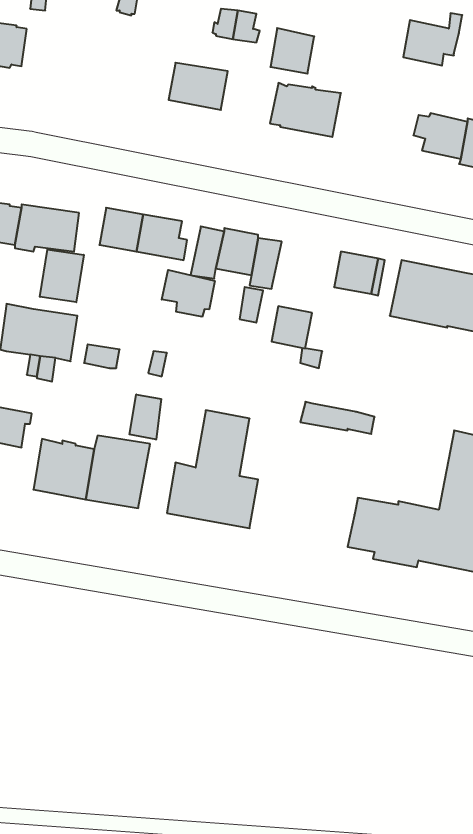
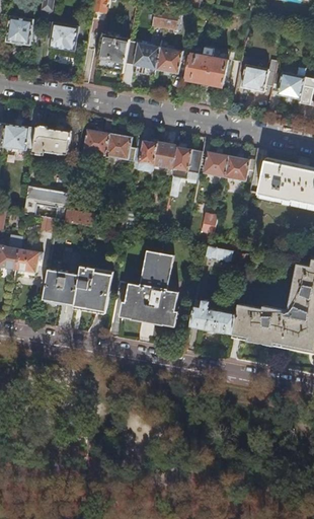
building: [403,13,462,66] -> [241,61,277,92]
building: [270,28,314,74] -> [156,47,182,74]
building: none -> [48,23,78,51]
building: none -> [93,33,130,73]
building: [40,249,84,302] -> none
building: [162,270,215,317] -> none
building: [272,306,312,348] -> [204,151,228,176]
building: [129,394,161,440] -> none
building: none -> [191,299,236,333]

